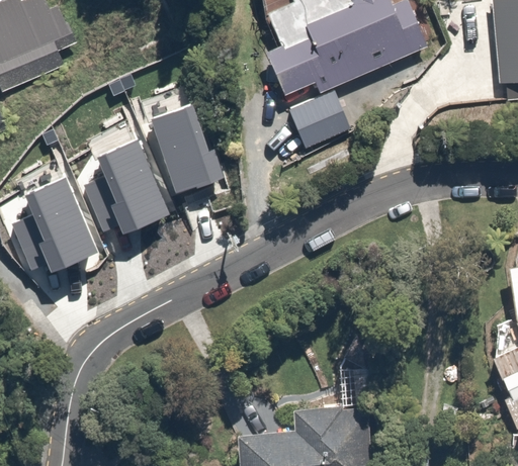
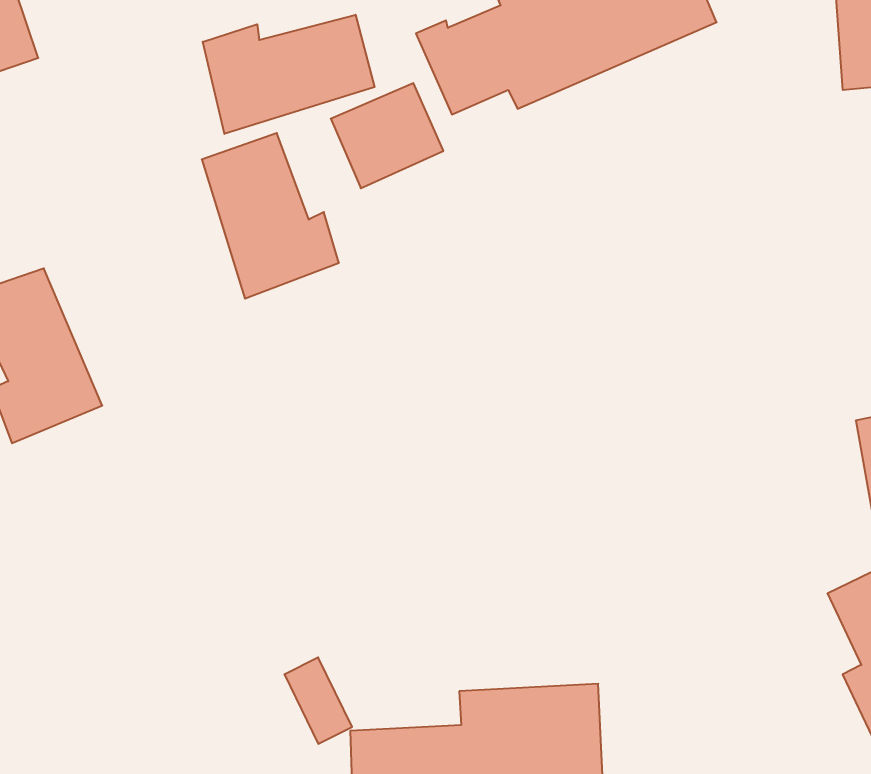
building: none -> [203,15,375,134]
building: [290,91,351,148] -> [331,83,443,188]
building: [98,142,171,235] -> none

